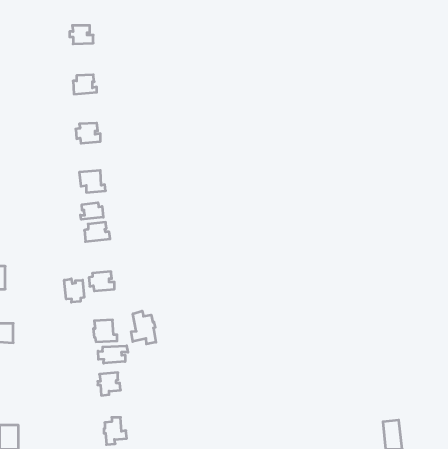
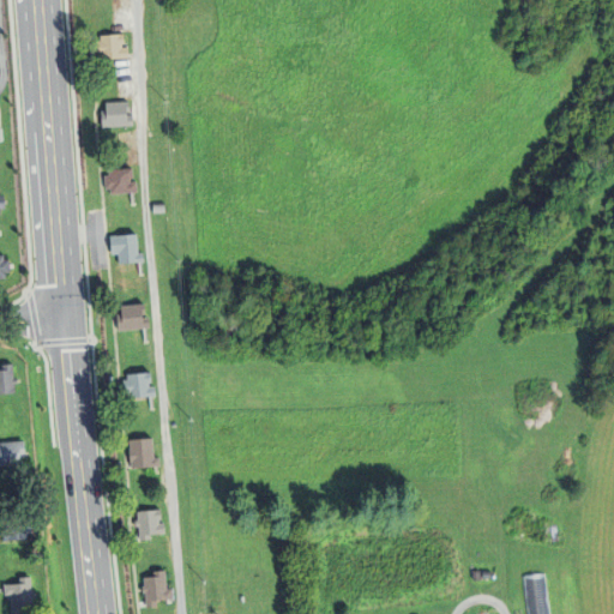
building: [80,203,103,219] -> none
building: [64,279,84,302] -> none
building: [131,311,156,344] -> none
building: [98,346,128,363] -> none

